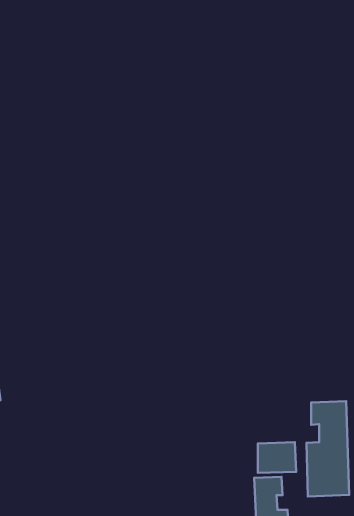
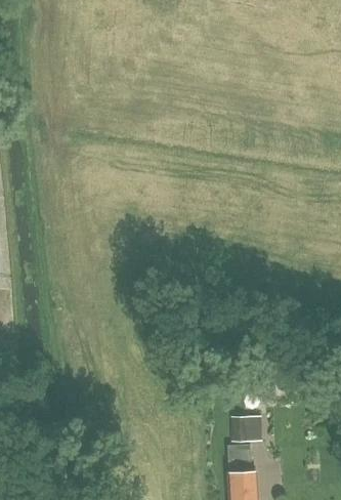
building: [306,401,349,497] -> none

